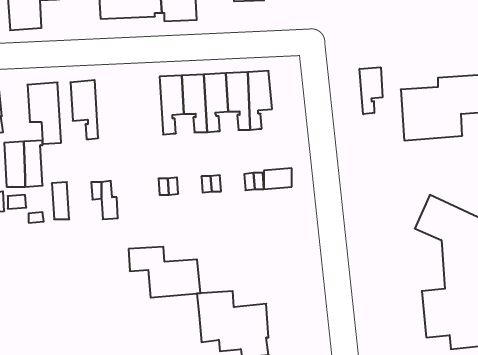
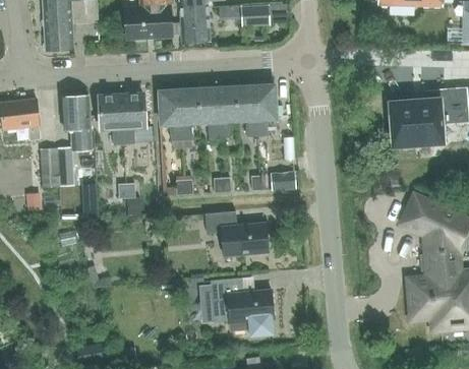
building: [360,67,382,114] -> none
building: none -> [159,91,180,143]
building: none -> [120,94,143,145]
building: [129,247,200,298] -> [204,212,268,257]

